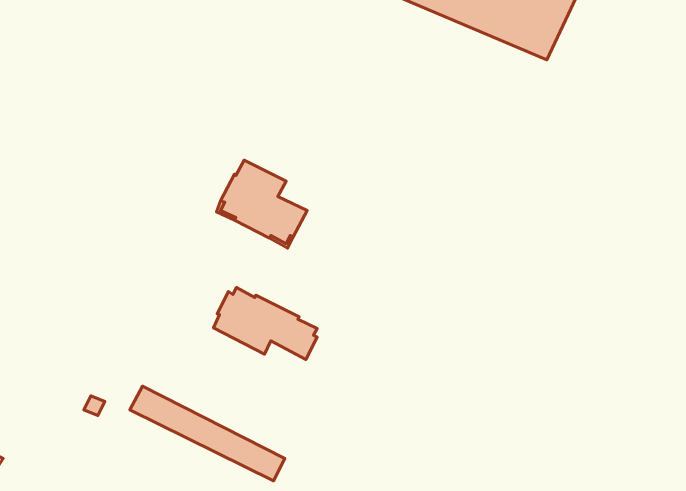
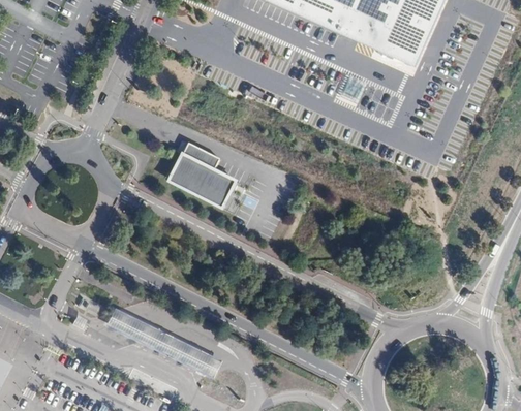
building: [213,288,317,360] -> none

